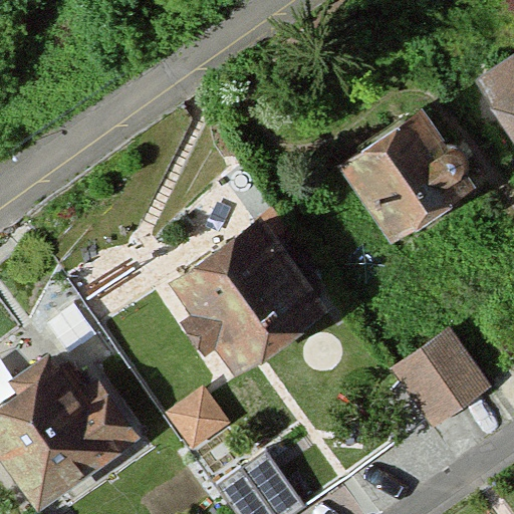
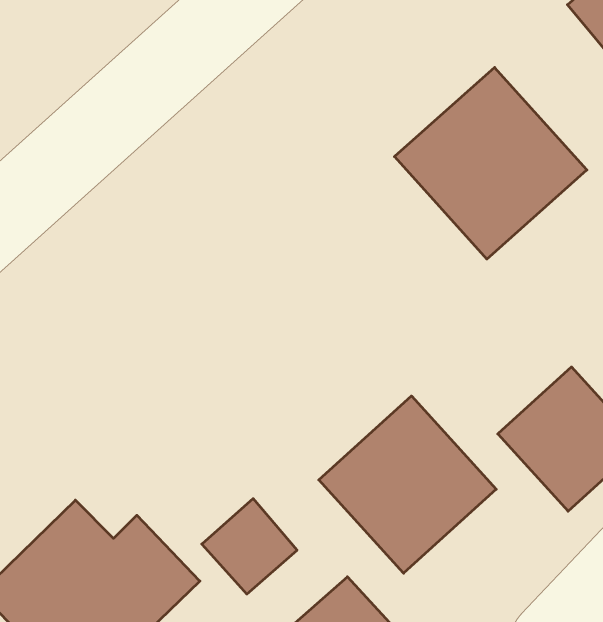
building: [168,209,327,368] -> none
building: none -> [319,396,496,573]

